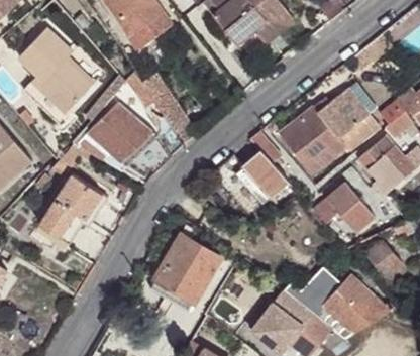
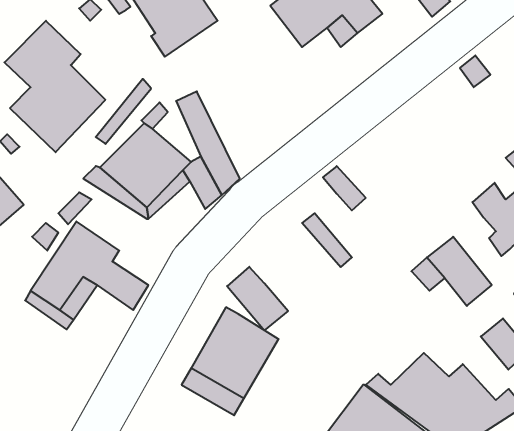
building: [280,85,384,171] -> none
building: [244,151,289,198] -> [227,267,288,330]

